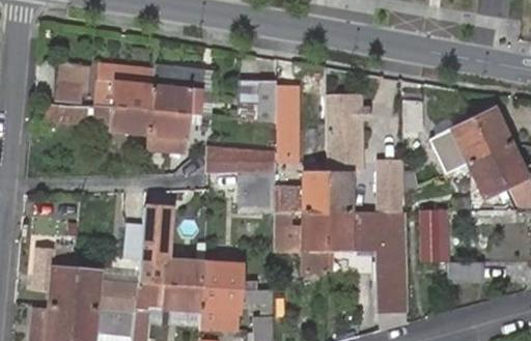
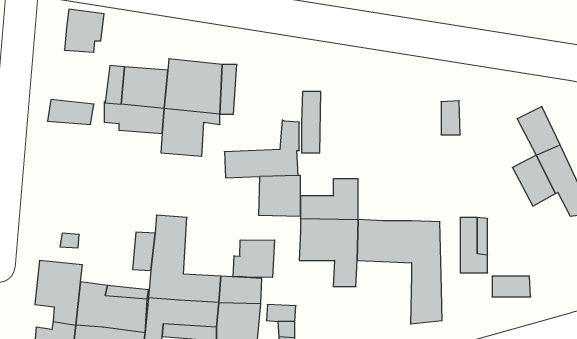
building: [54,62,90,102] -> [64,9,104,52]
building: [242,86,278,121] -> none
building: [327,94,363,211] -> none
building: [435,118,492,171] -> none
building: [381,162,401,209] -> none
building: none -> [233,240,274,277]

